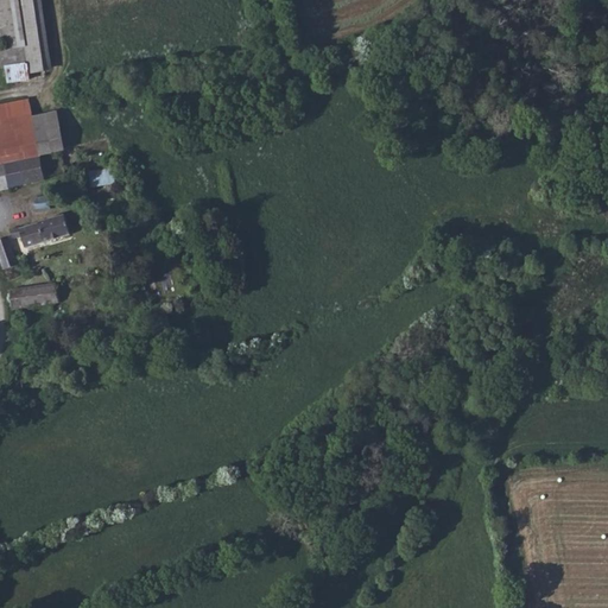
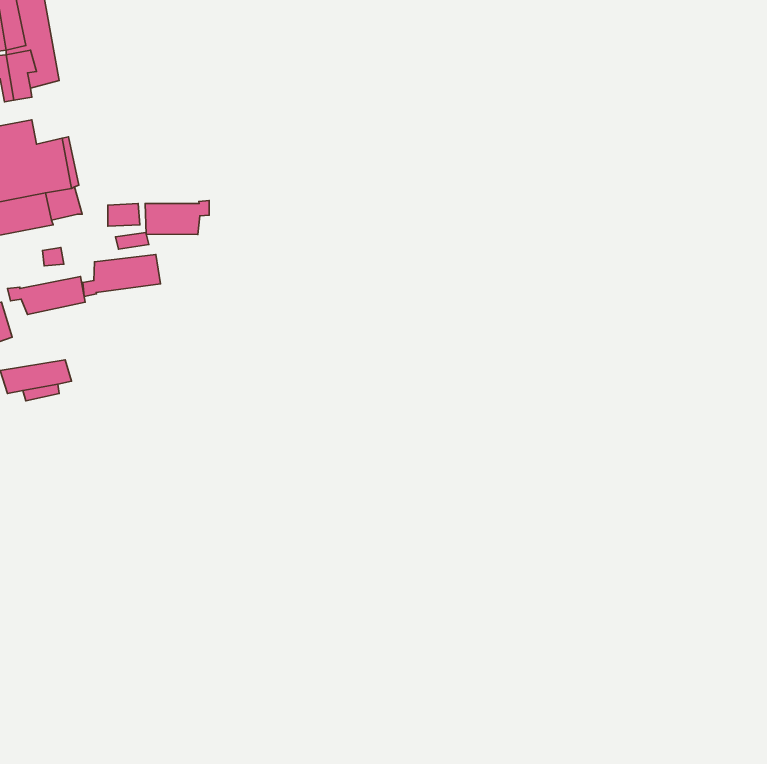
building: none -> [145,201,209,235]
building: none -> [83,255,160,297]

